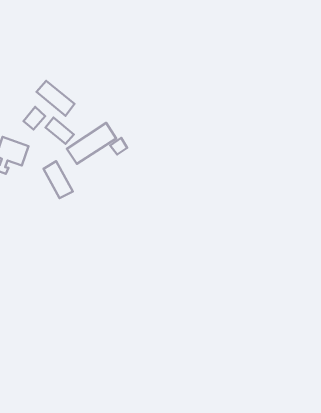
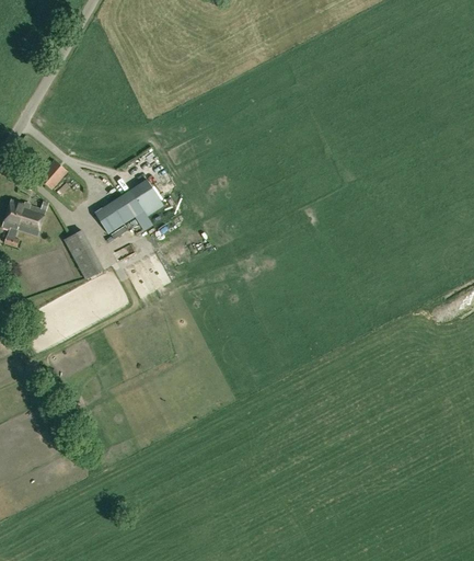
building: [36,81,74,116] -> none
building: [46,118,74,144] -> none

